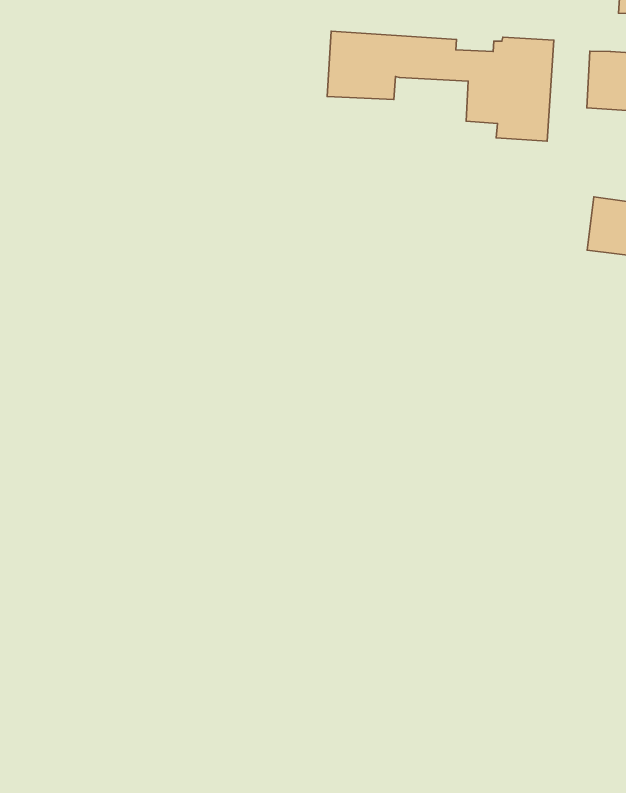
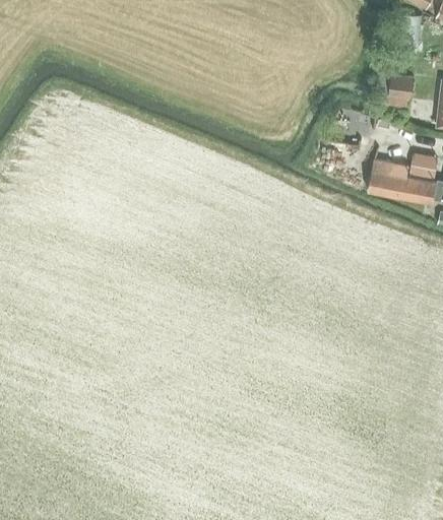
building: [327,31,554,141] -> none

